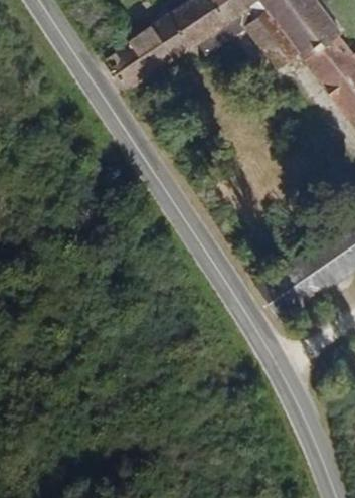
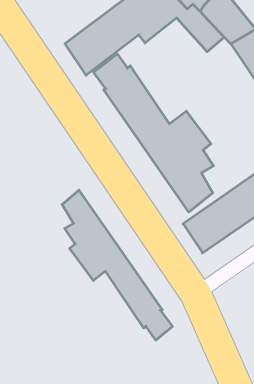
building: none -> [94,54,214,212]
building: none -> [62,190,172,340]

